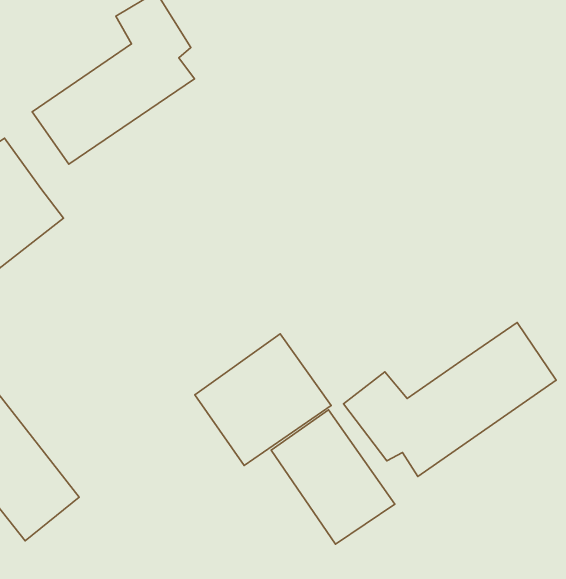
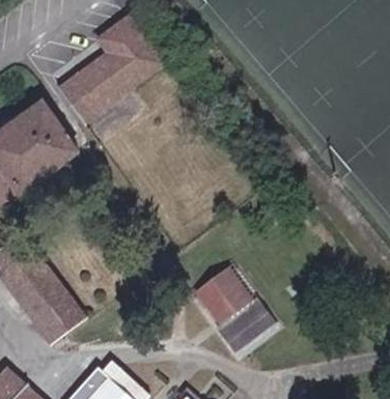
building: [344,322,556,477] -> none
building: [195,334,331,466] -> none

